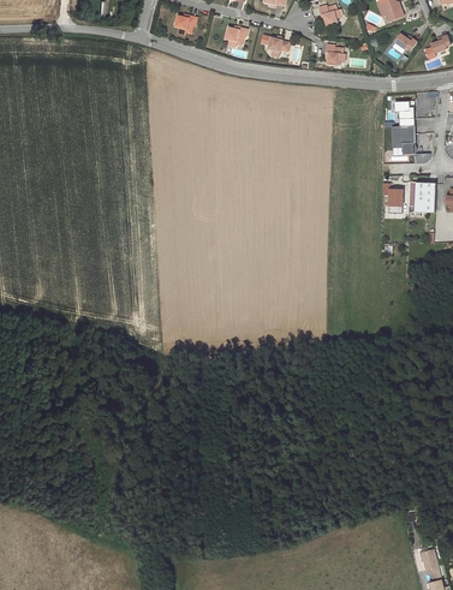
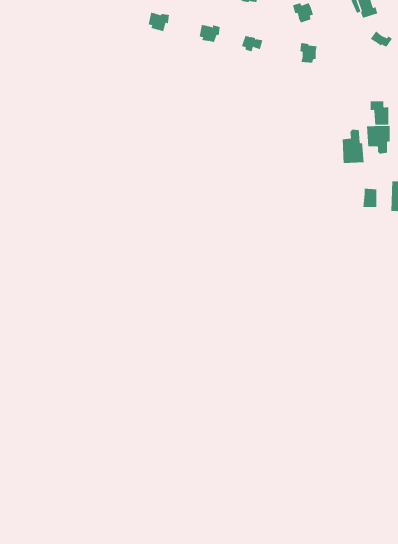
building: none -> [342,129,364,164]

